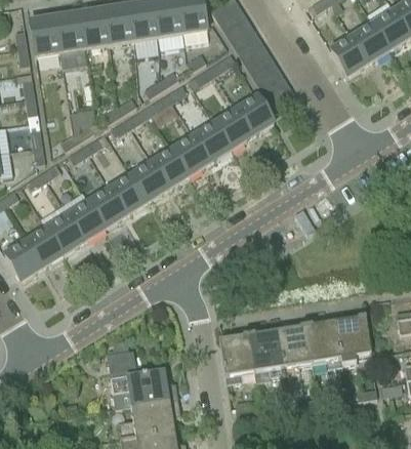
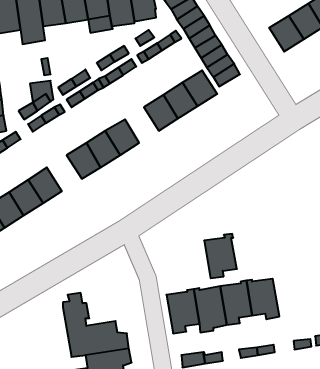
building: [173,135,210,174] -> none
building: [88,188,126,227] -> none
building: [334,315,370,363] -> [204,234,237,278]

